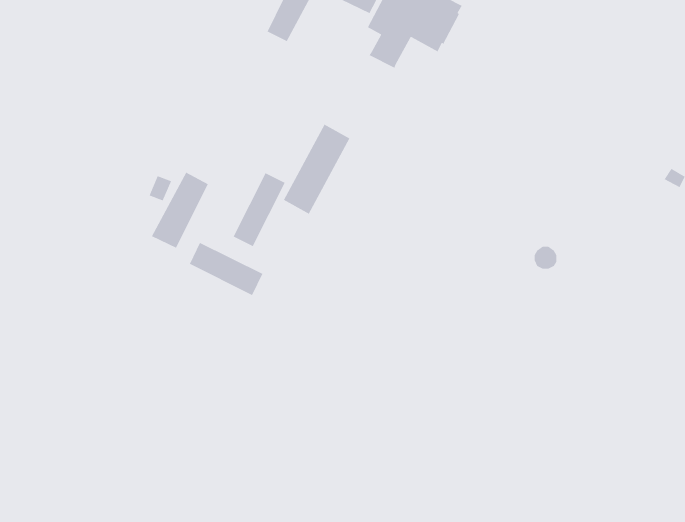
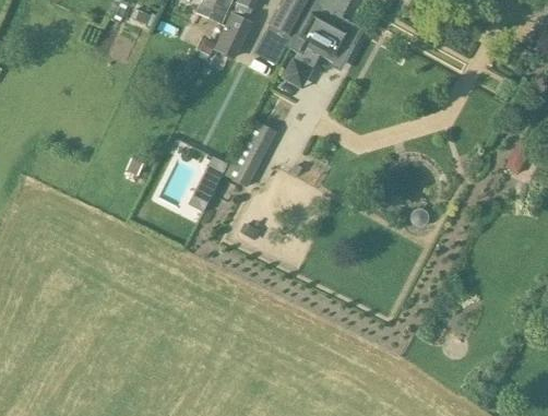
building: [151,172,209,249] -> none
building: [189,242,263,296] -> none

